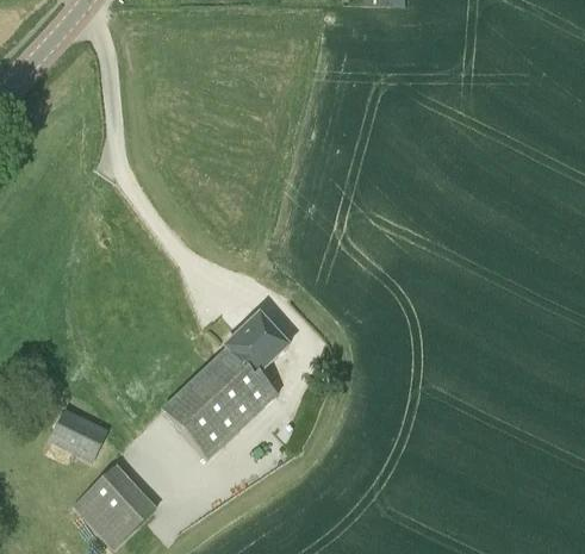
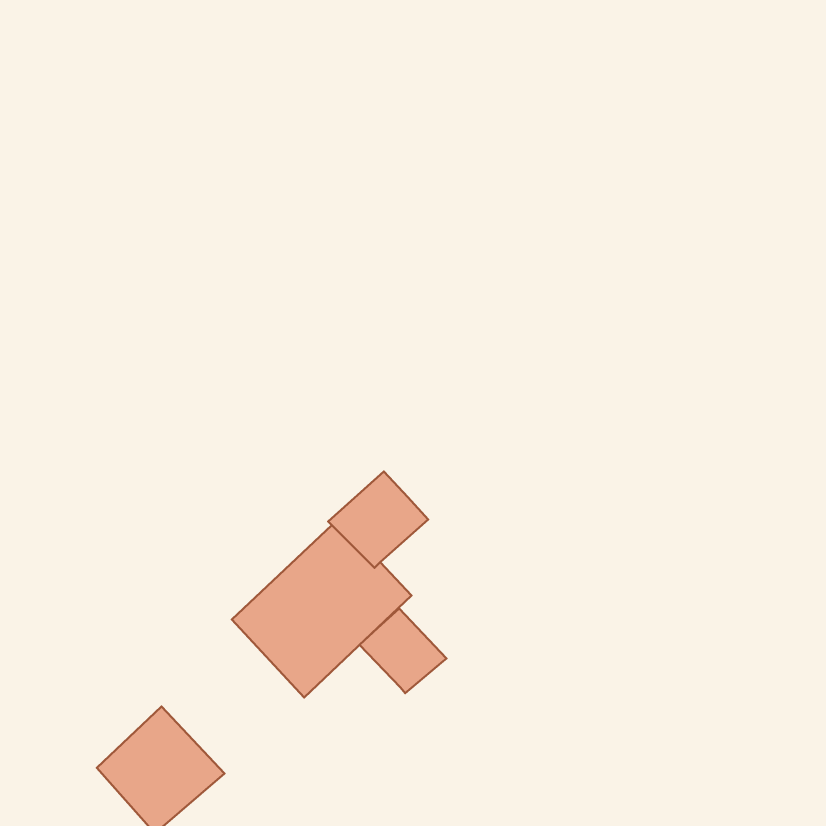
building: none -> [360,608,446,693]
building: [50,407,108,461] -> none

